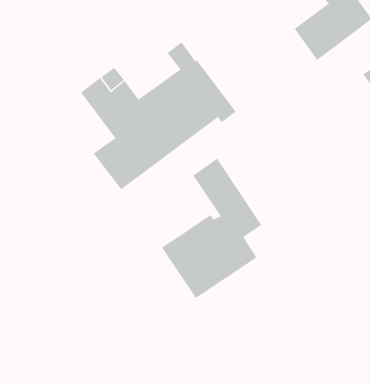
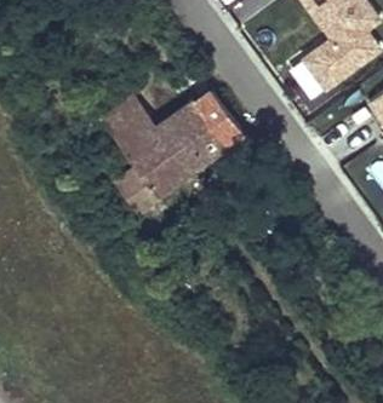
building: [161,158,262,299] -> none

